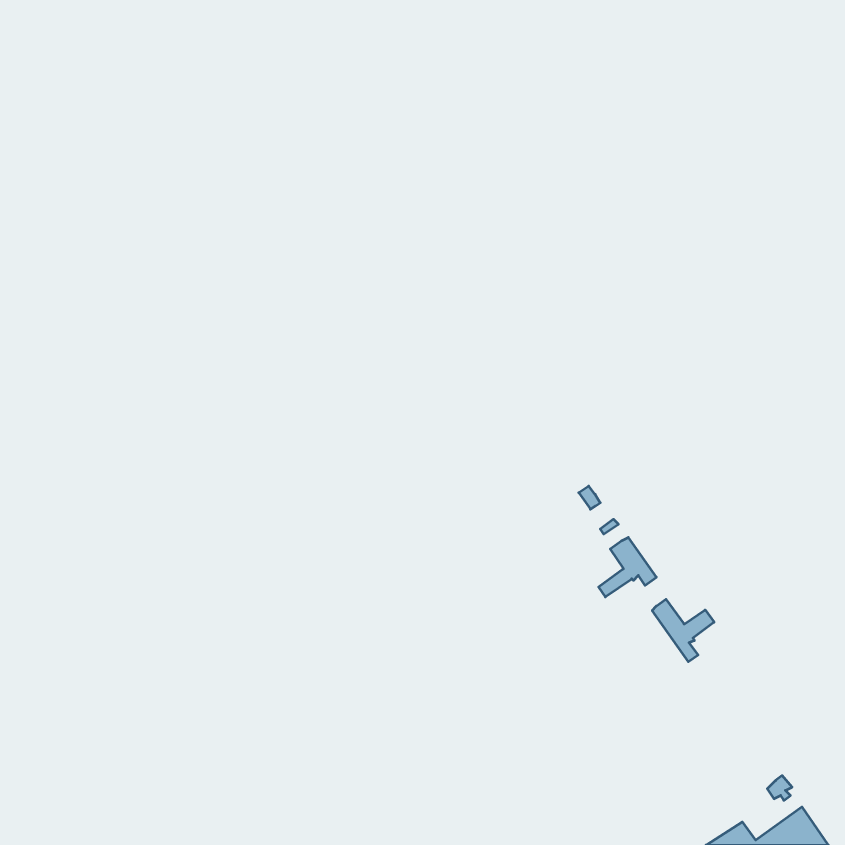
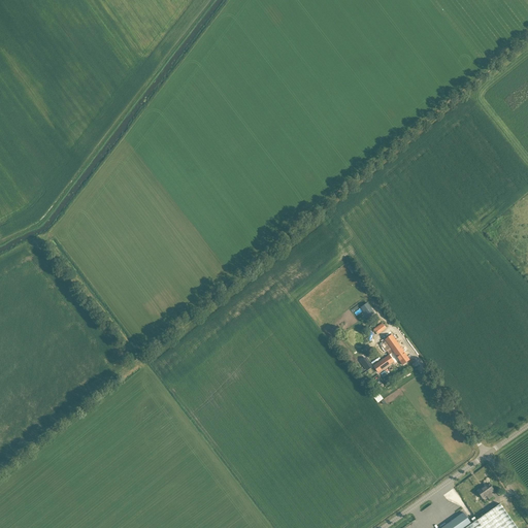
building: [652,599,714,662] -> none

